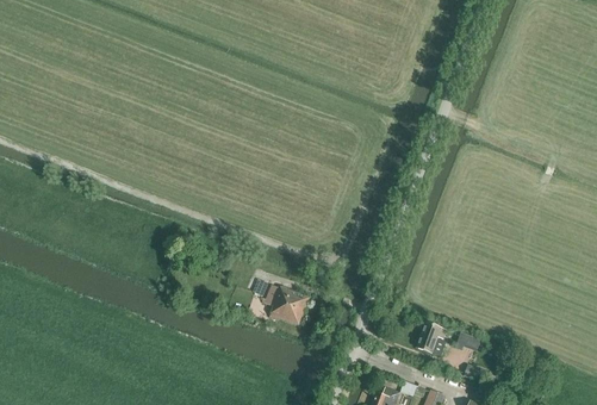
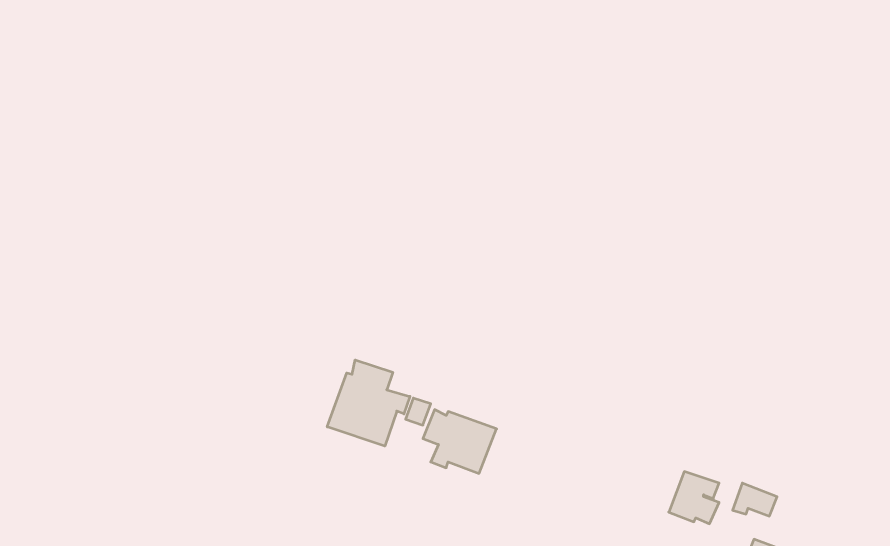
building: none -> [327,360,410,446]

